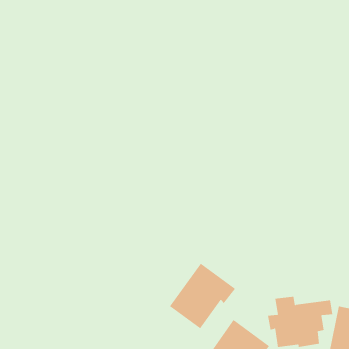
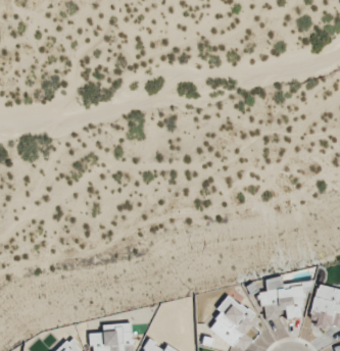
building: [169,263,236,329] -> none

